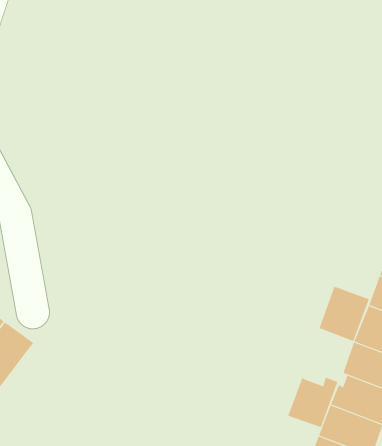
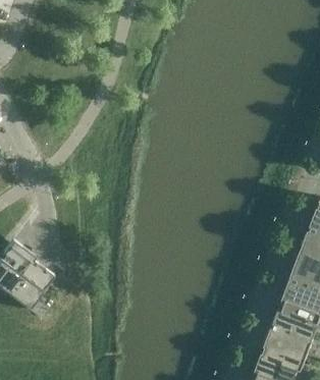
building: [319,286,370,342] -> none
building: [287,369,338,428] -> none

